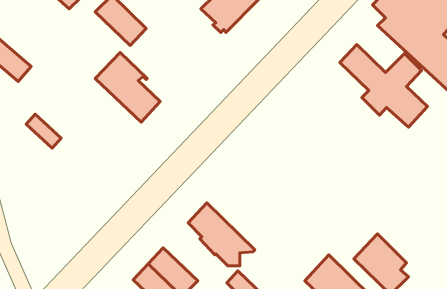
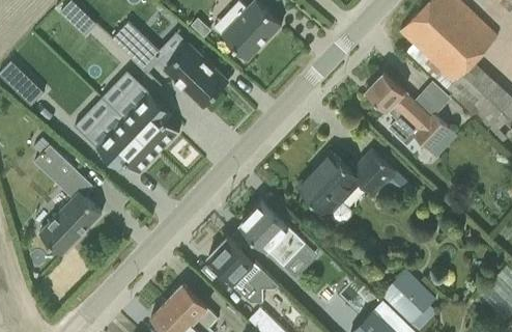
building: none -> [166,39,229,106]
building: none -> [85,107,160,173]
building: none -> [297,147,414,225]
building: none -> [24,191,102,254]
building: none -> [240,201,318,278]

